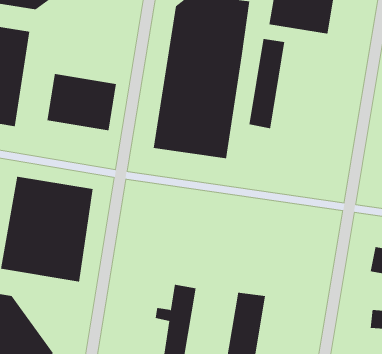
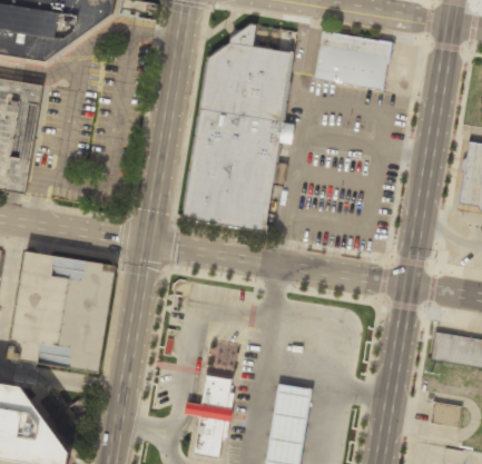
building: [249,38,285,129] -> none
building: [47,73,116,131] -> none

